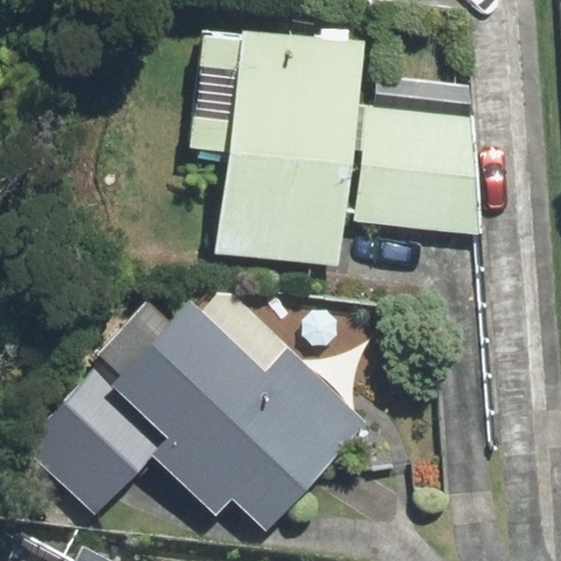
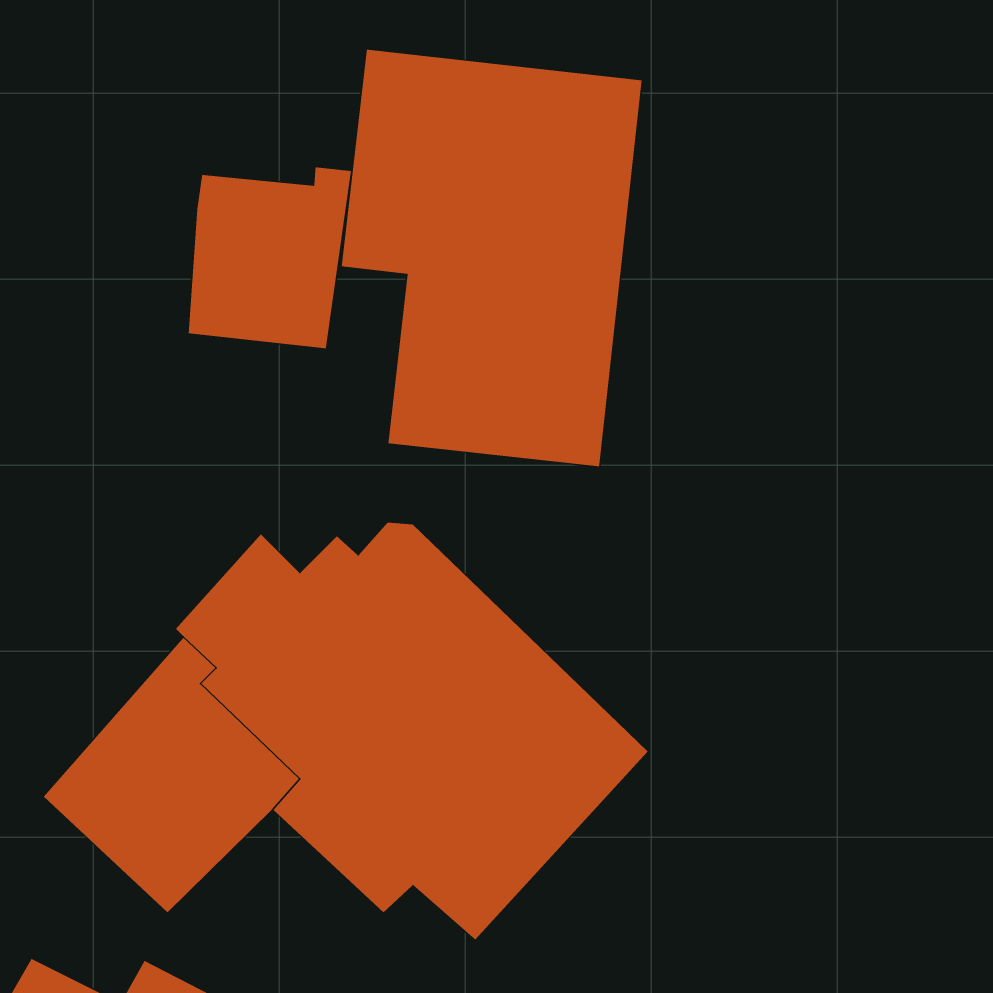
building: none -> [188,167,352,349]
building: [357,107,473,231] -> none

